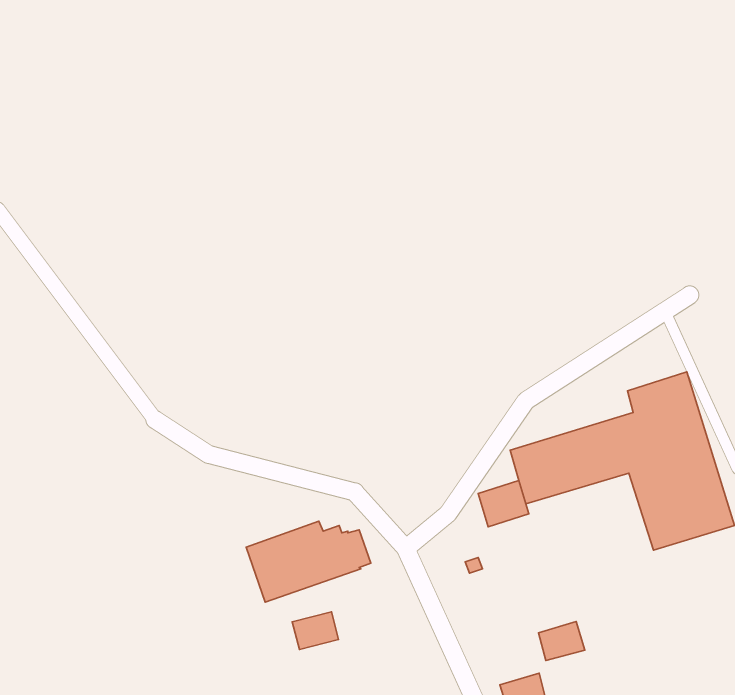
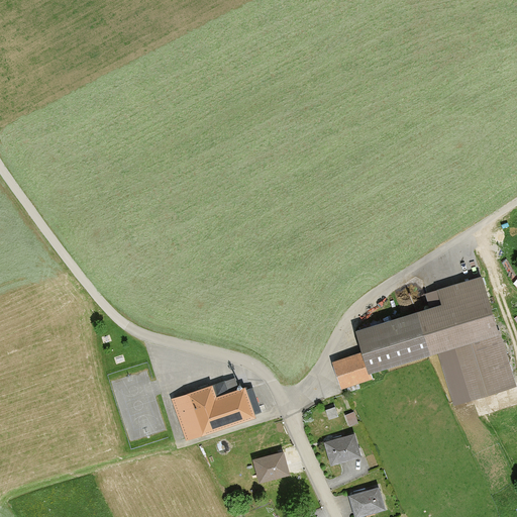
building: [292,612,339,650] -> [253,453,286,480]
building: [539,621,585,660] -> [325,435,357,462]

